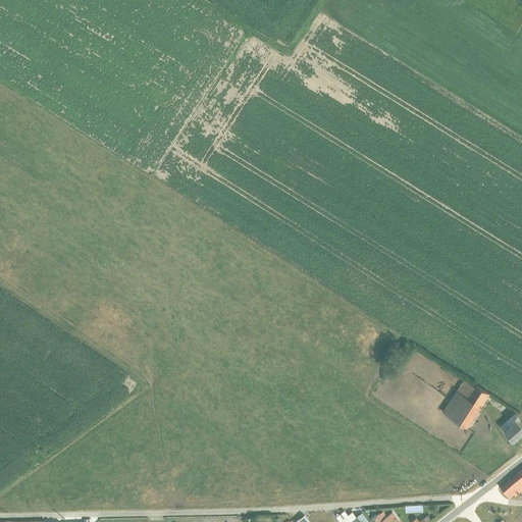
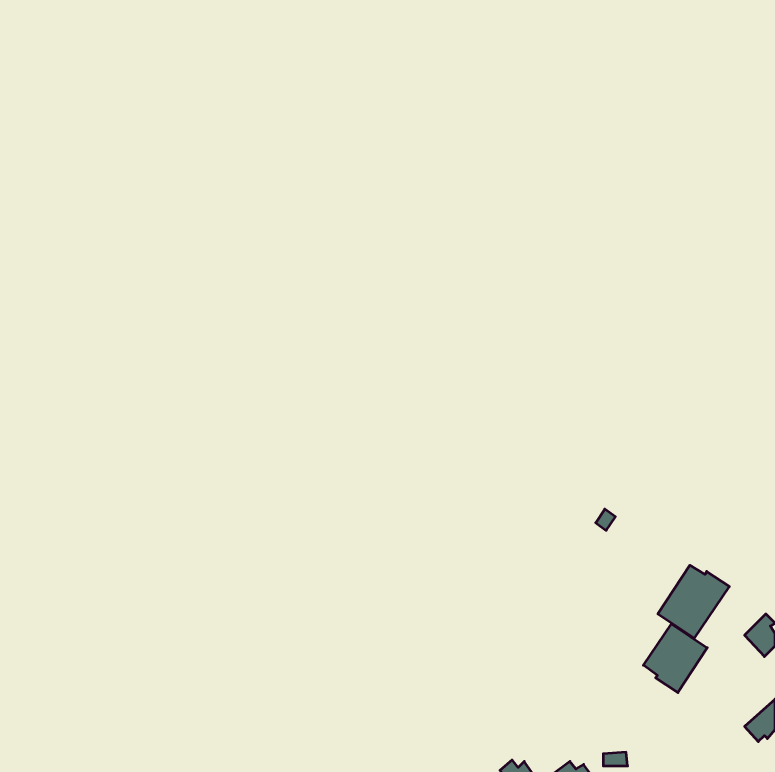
building: none -> [643,624,707,693]

